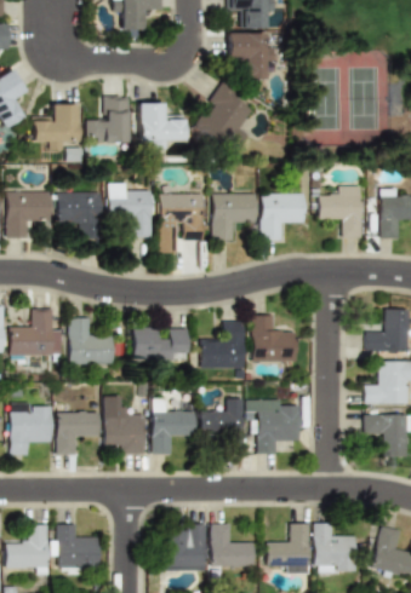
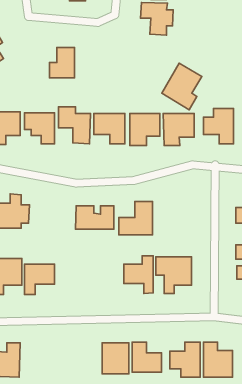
building: [195,84,253,151] -> [162,63,202,110]
building: [138,103,184,148] -> none
building: [33,104,78,149] -> none
building: [250,315,295,362] -> none
building: [68,317,114,364] -> none
building: [104,397,145,455] -> none
building: [153,399,195,454] -> none
building: [57,525,102,572] -> none

